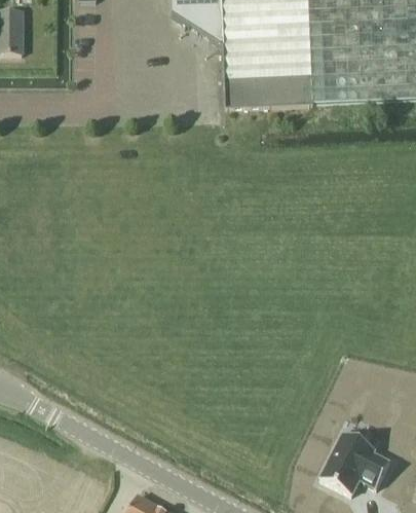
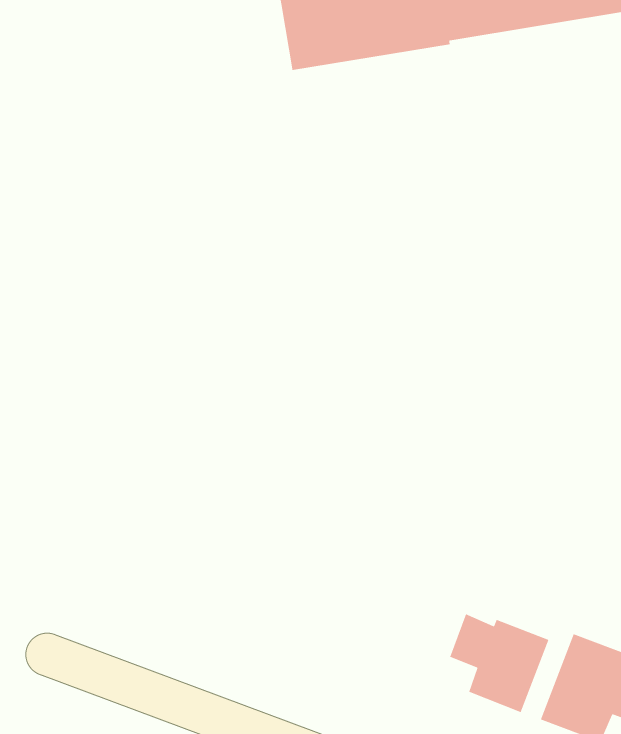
building: none -> [449,613,549,713]

